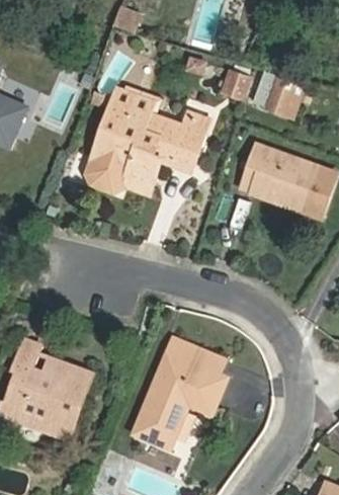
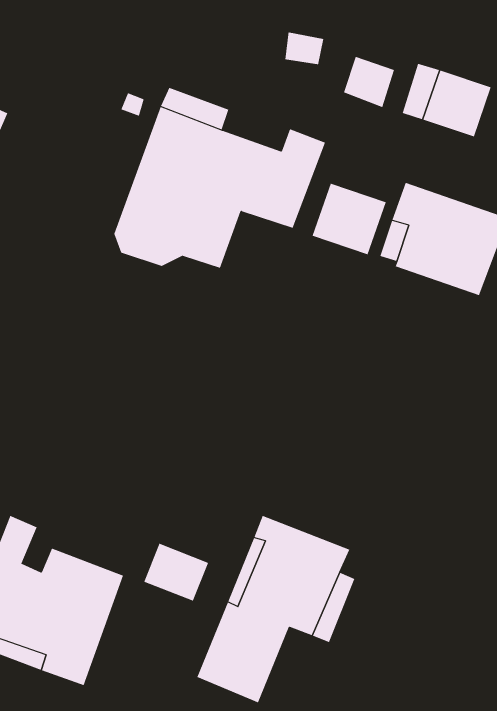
building: none -> [312,183,387,255]
building: none -> [143,543,209,602]

